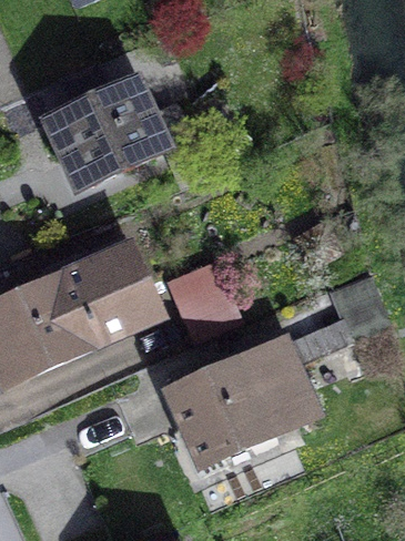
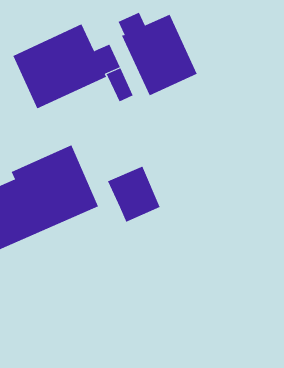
building: none -> [118,12,197,96]
building: [166,278,386,465] -> none

